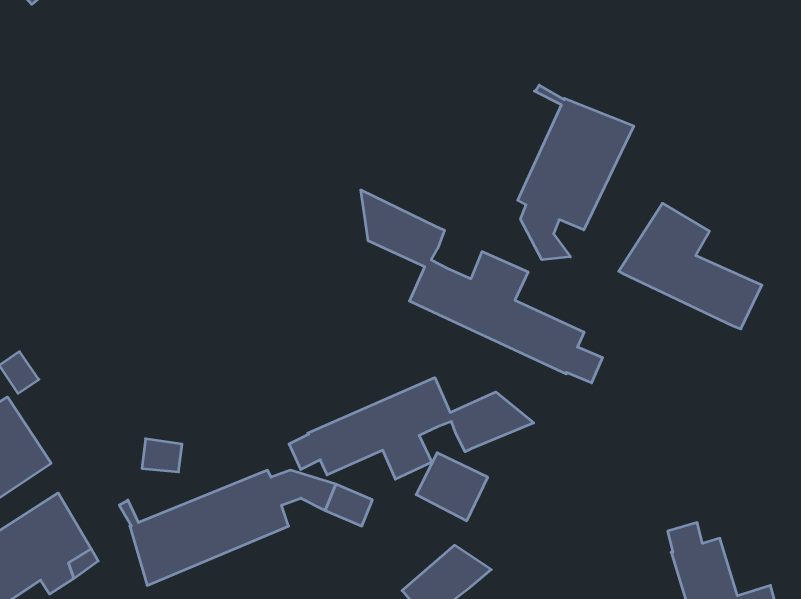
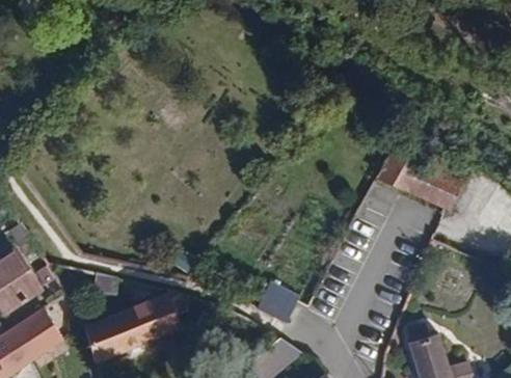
building: [518,85,634,260] -> none
building: [361,190,603,383] -> none
building: [289,378,534,479] -> none

